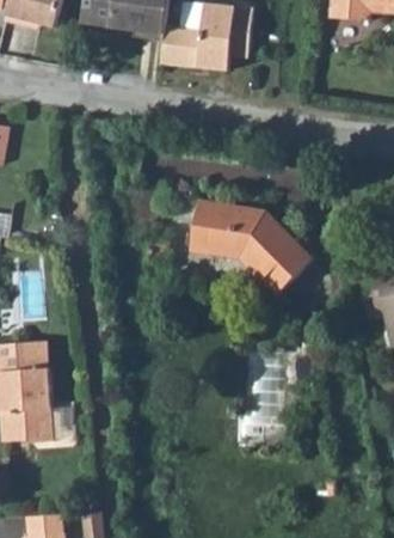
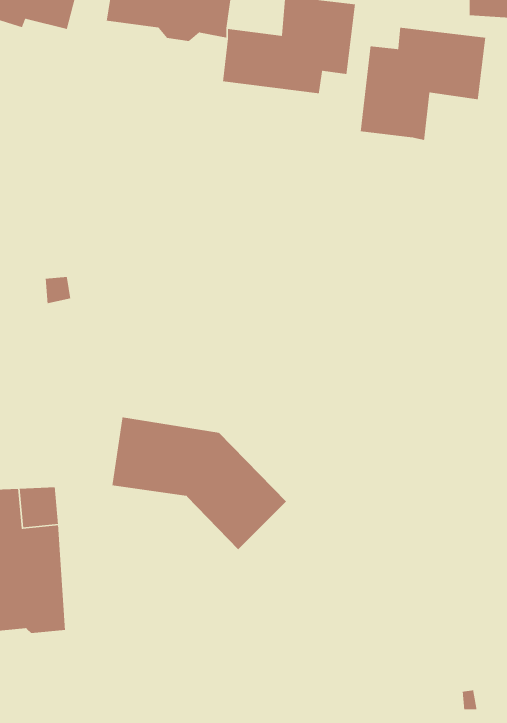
building: none -> [360,27,486,141]
building: [190,202,310,294] -> [111,417,287,550]

